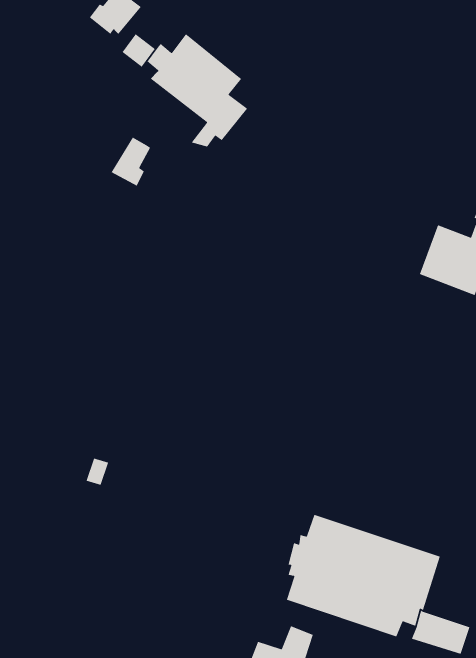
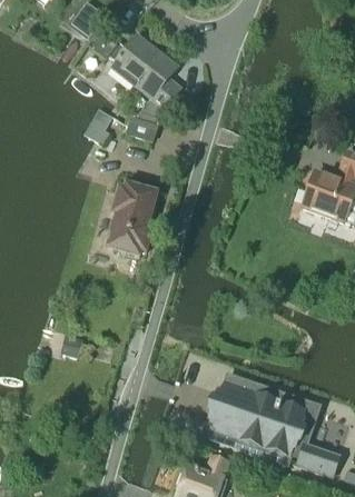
building: none -> [124,107,159,140]
building: none -> [107,182,157,255]

